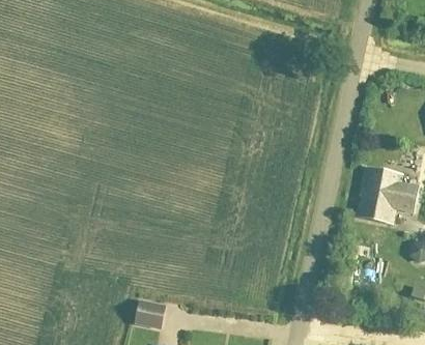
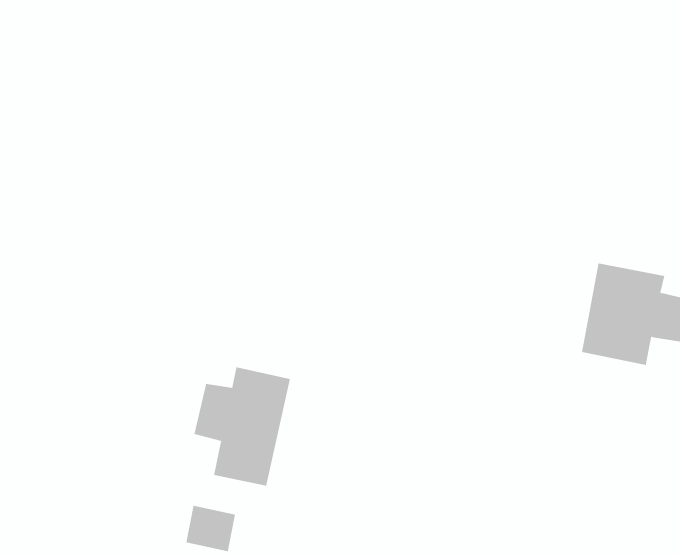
building: none -> [194,367,290,487]

